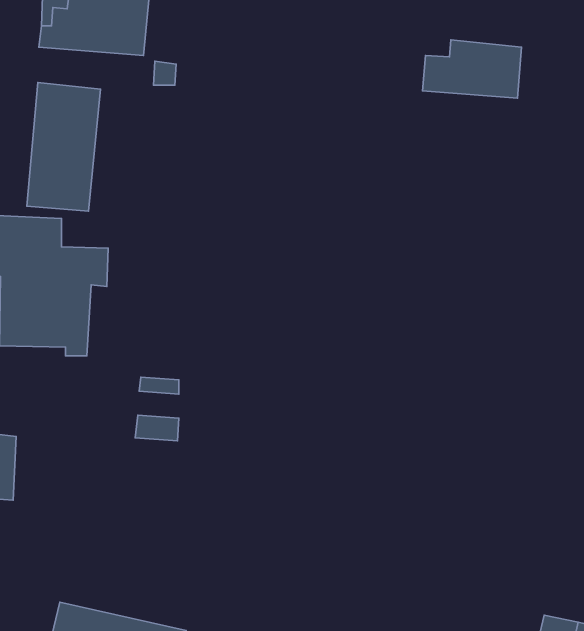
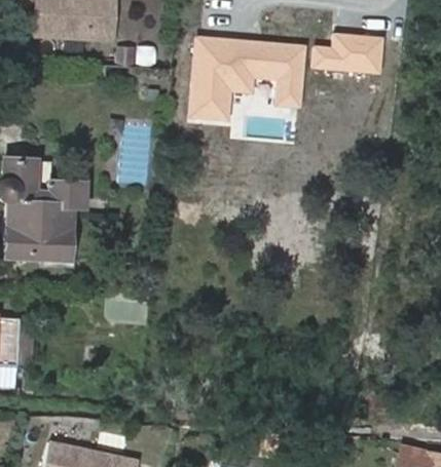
building: none -> [188,36,307,124]
building: [27,83,101,211] -> none

